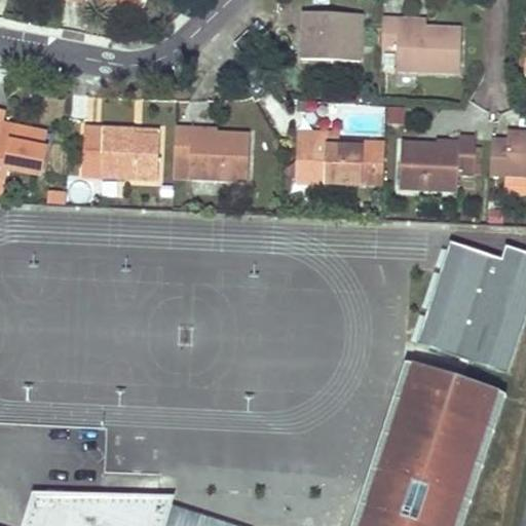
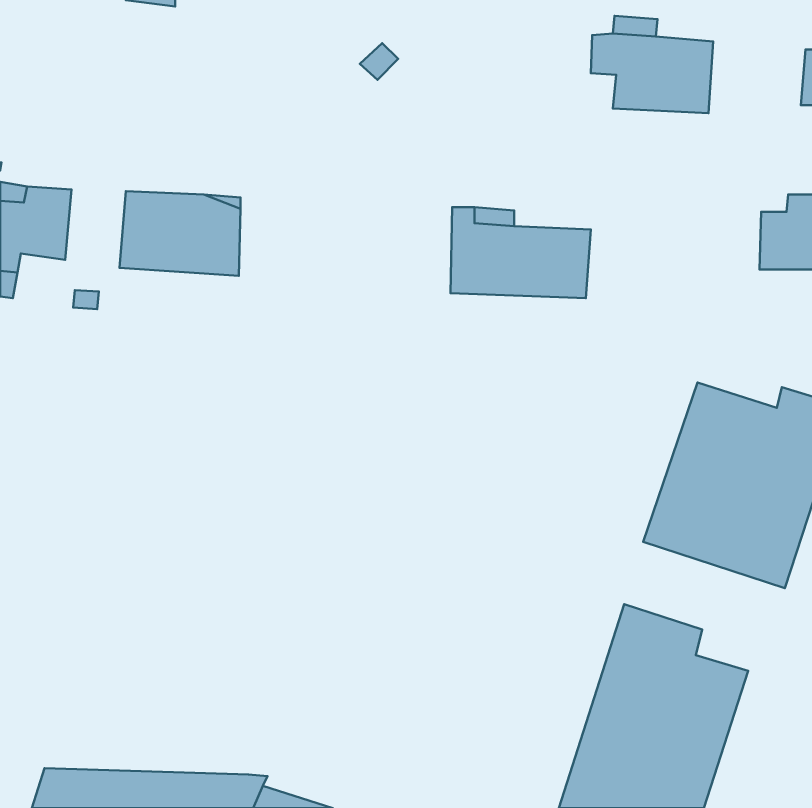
building: [300,10,363,59] -> none
building: [174,125,249,176] -> none
building: [397,134,476,187] -> none
building: [404,369,495,433] -> none

